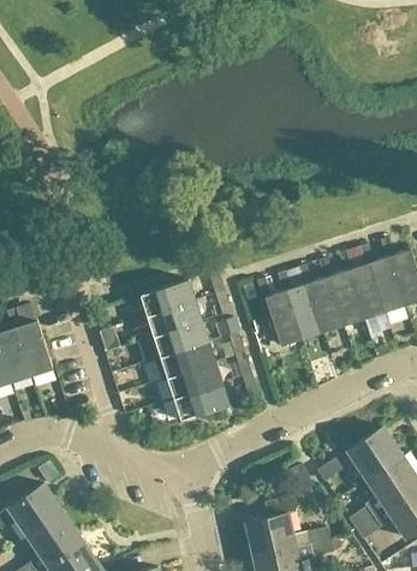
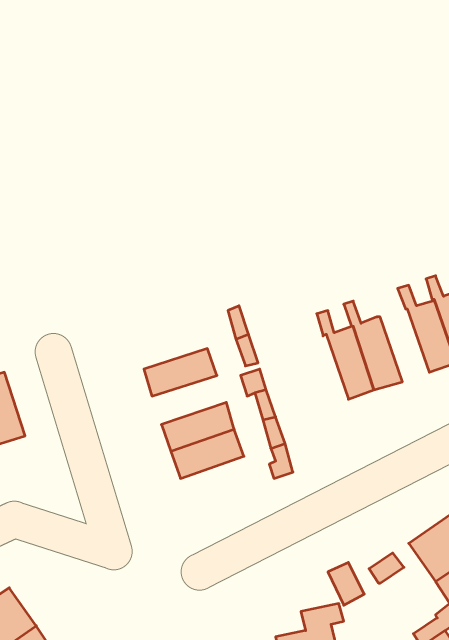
building: [317,261,362,328] -> none
building: [138,281,193,319] -> none
building: [256,282,300,349] -> none
building: [151,323,208,361] -> none
building: [173,385,228,423] -> none

